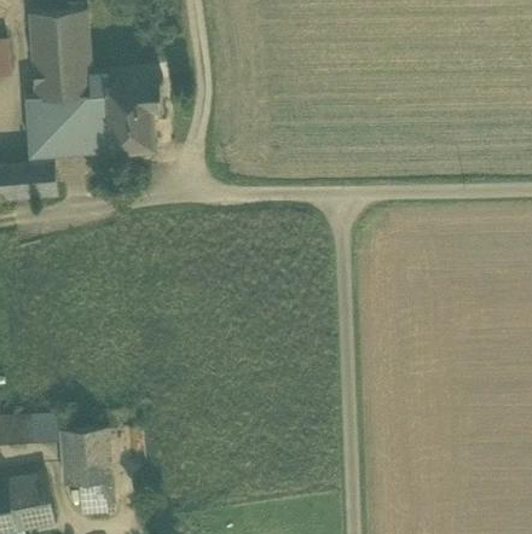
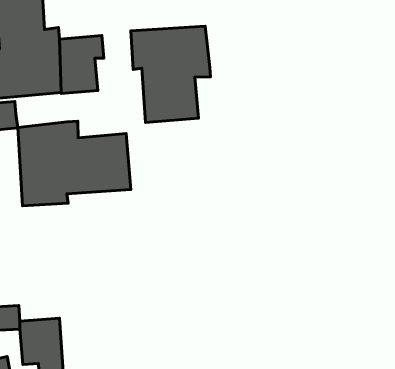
building: none -> [131,26,210,122]
building: none -> [18,121,131,206]

